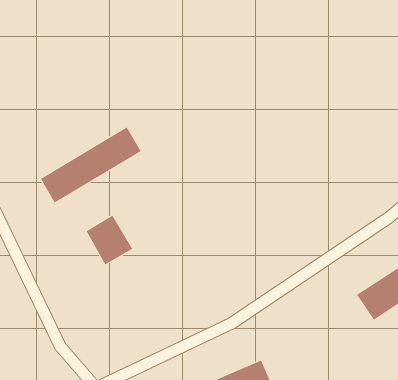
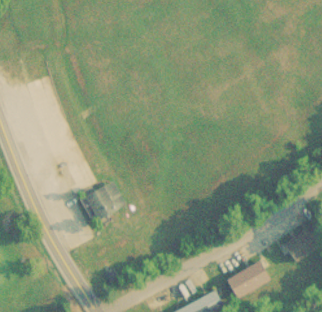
building: [40,126,141,204] -> none
building: none -> [225,261,274,300]

